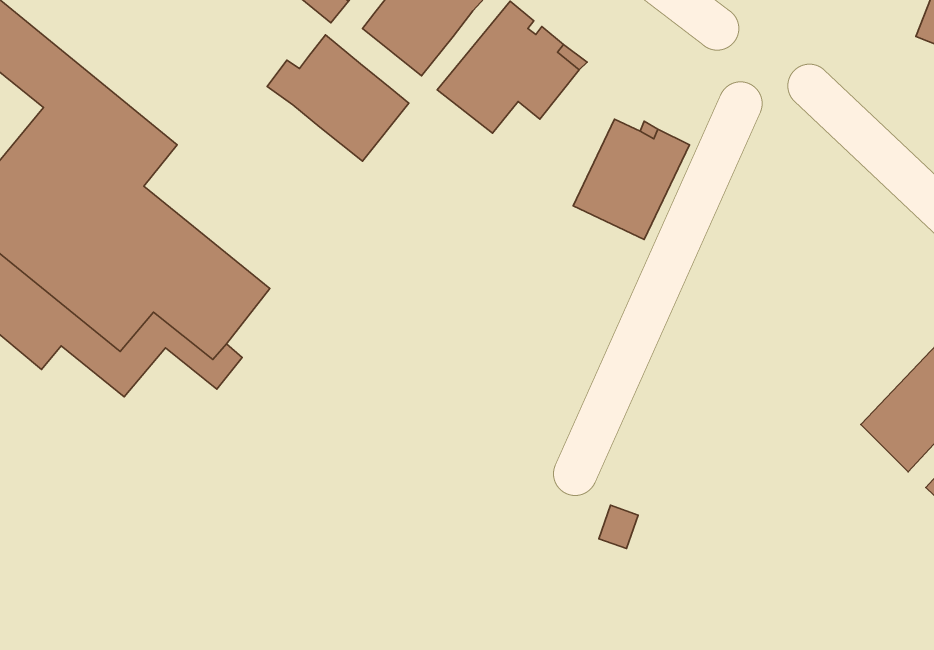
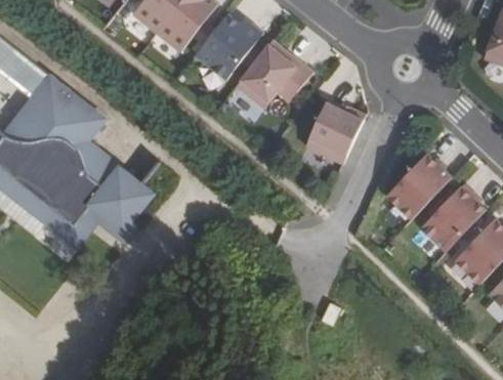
building: [267,35,409,161] -> none
building: none -> [386,154,452,219]
building: none -> [421,186,486,252]

